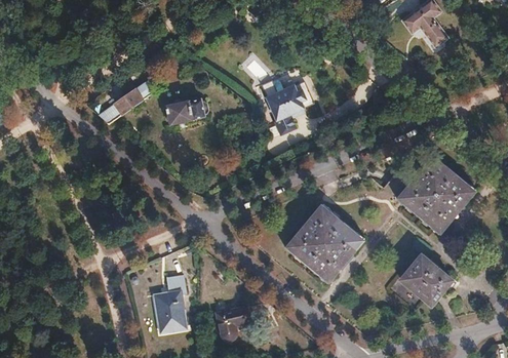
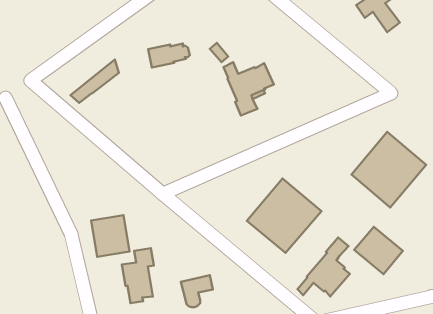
building: [165,98,209,124] -> [148,43,190,68]
building: none -> [91,215,130,257]
building: none -> [297,237,350,296]

